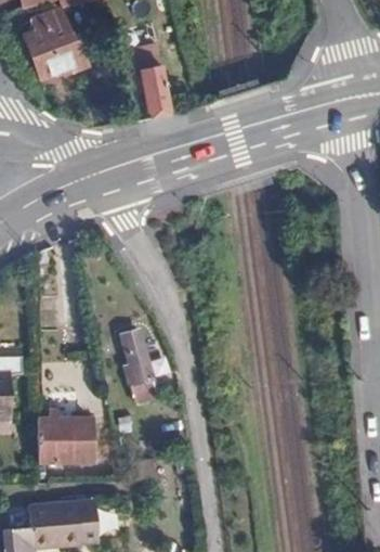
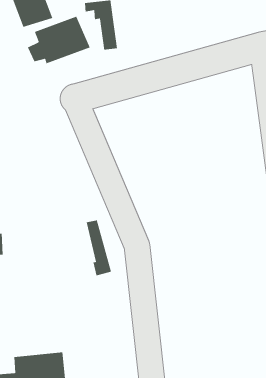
building: none -> [27,16,91,64]
building: [37,408,89,460] -> none

